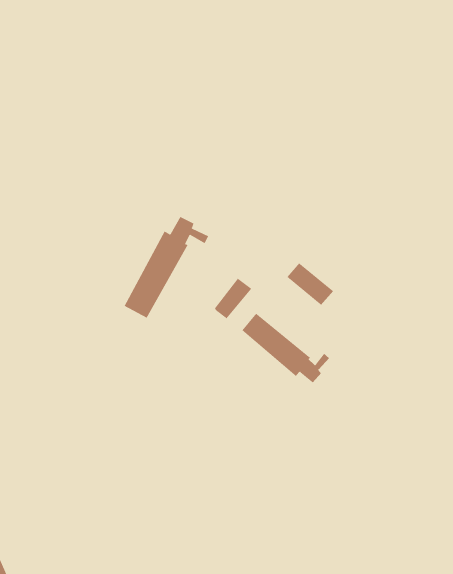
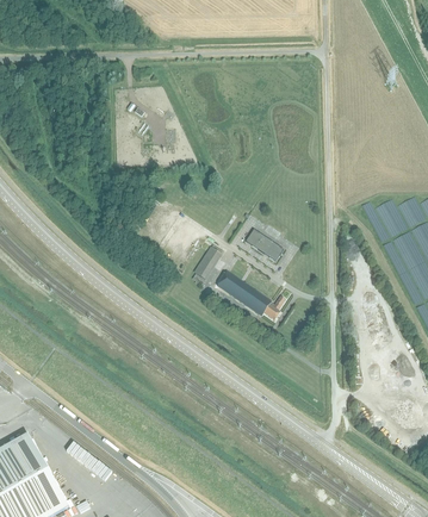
building: [124,216,209,319] -> none

